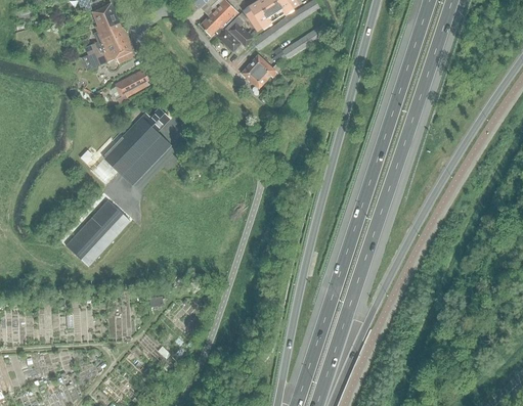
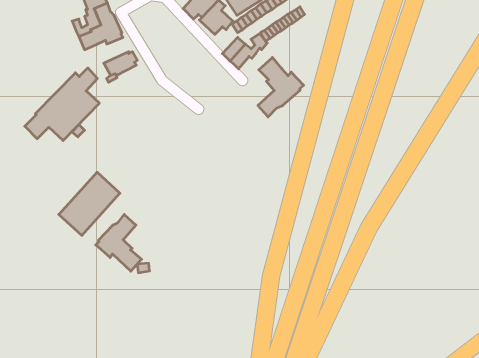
building: none -> [258,57,304,117]
building: [91,106,171,184] -> [25,68,99,141]
building: none -> [96,214,142,271]

